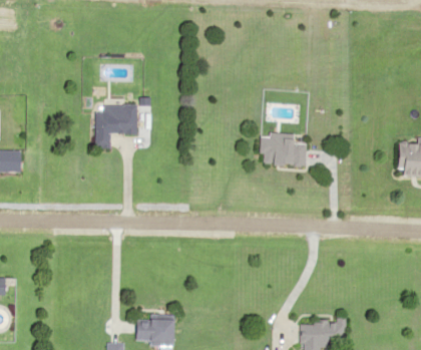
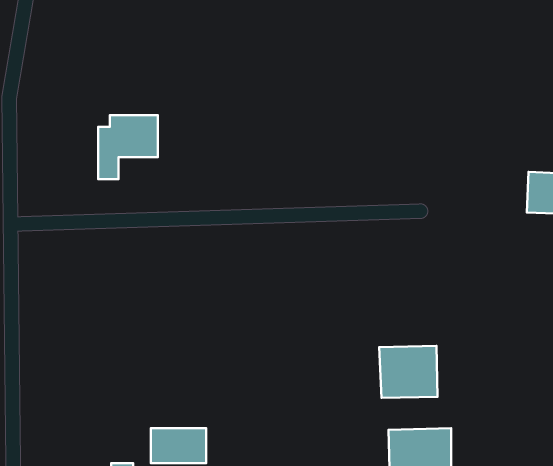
building: [264,133,306,164] -> none
building: none -> [379,346,438,398]

